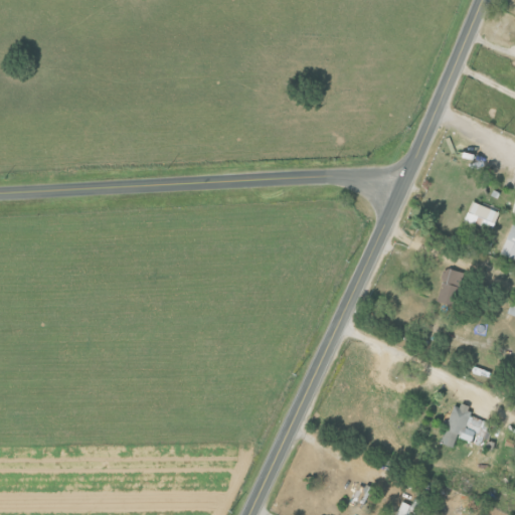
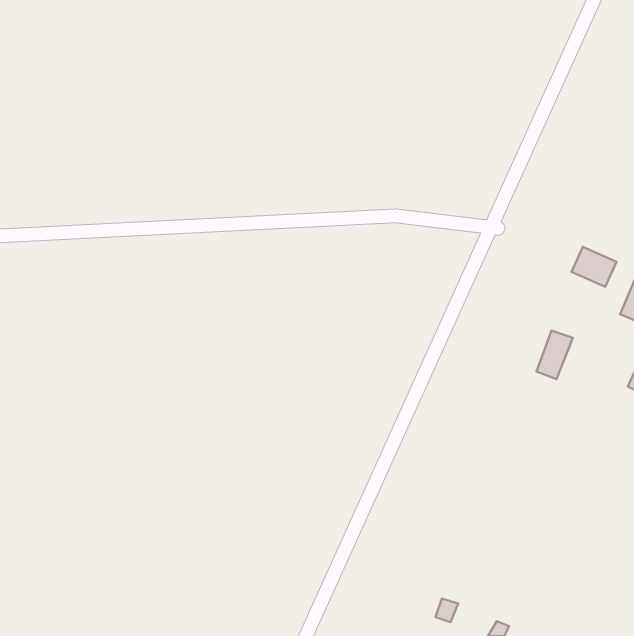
building: [442,405,479,447] -> none

